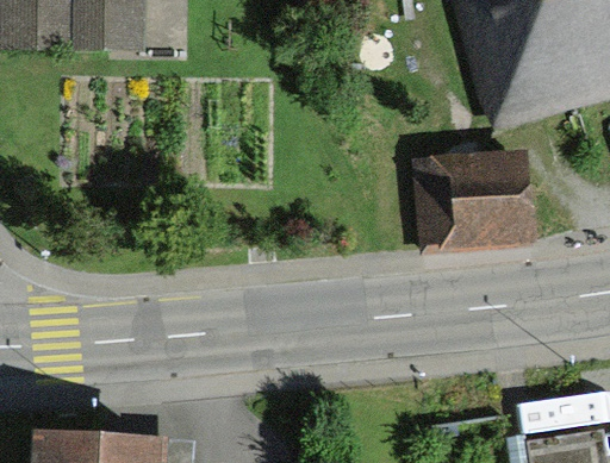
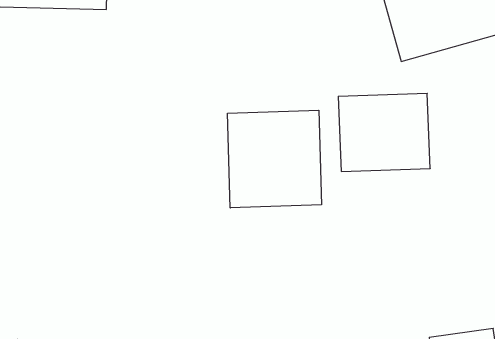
building: none -> [228,110,321,208]

